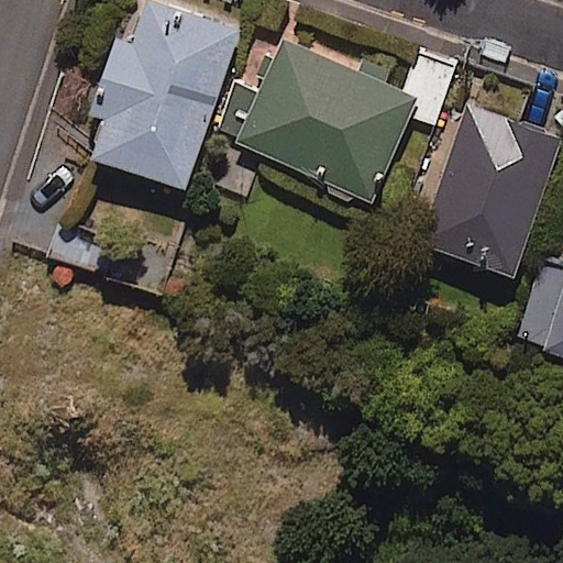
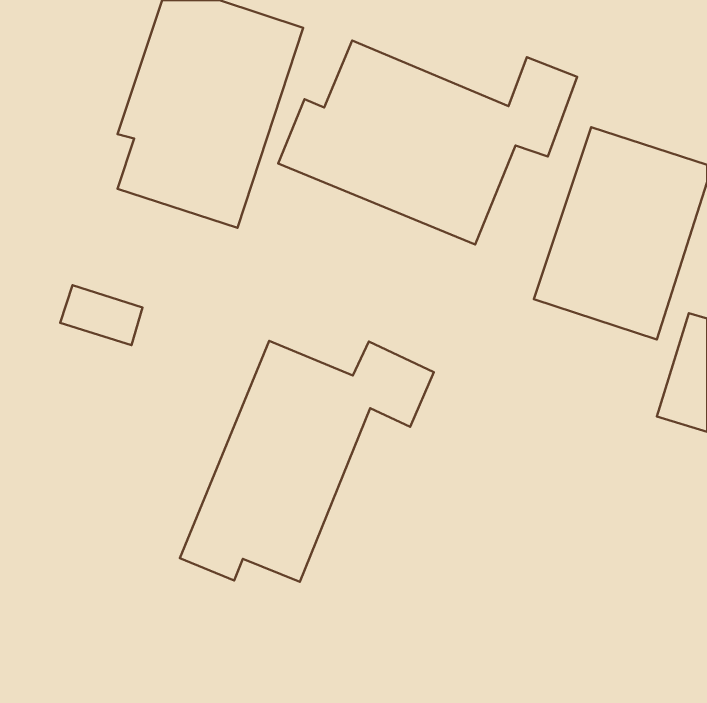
building: none -> [180,341,434,582]

